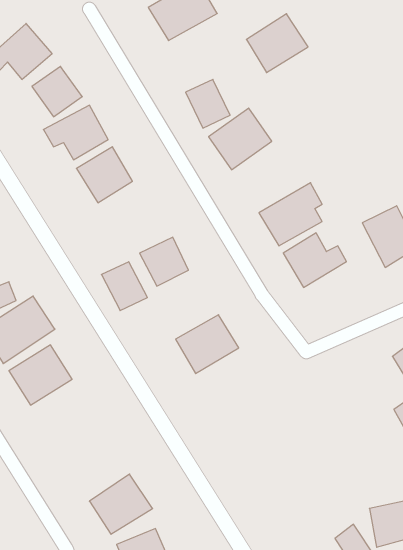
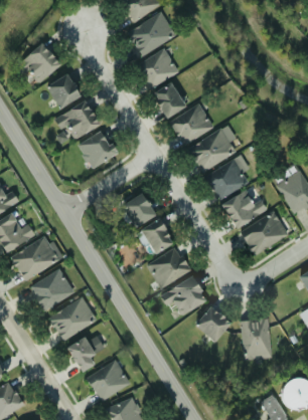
building: [246,14,308,73] -> [136,48,179,89]
building: none -> [188,125,237,173]
building: [101,262,147,311] -> [142,219,174,253]
building: none -> [241,211,288,255]
building: none -> [161,275,207,316]
building: none -> [49,298,97,339]
building: none -> [195,305,232,342]
building: none -> [243,319,271,359]
building: none -> [69,335,104,371]

